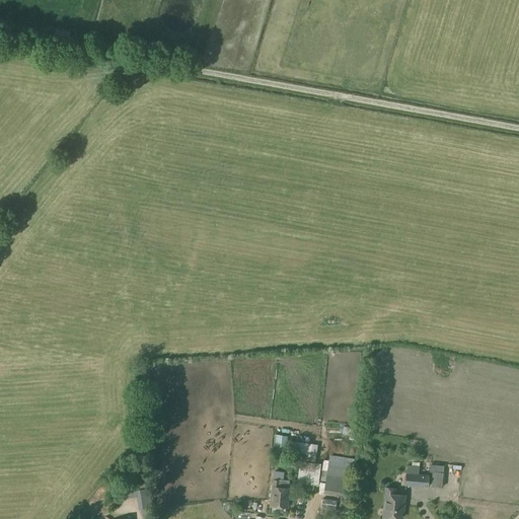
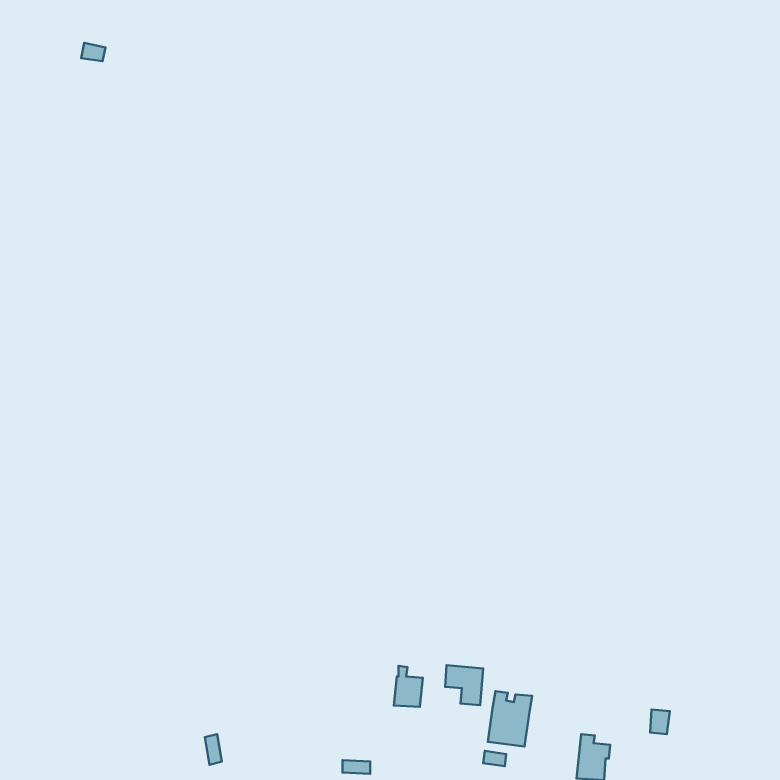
building: [405,464,429,488] -> none
building: [271,478,290,506] -> [394,666,423,707]

